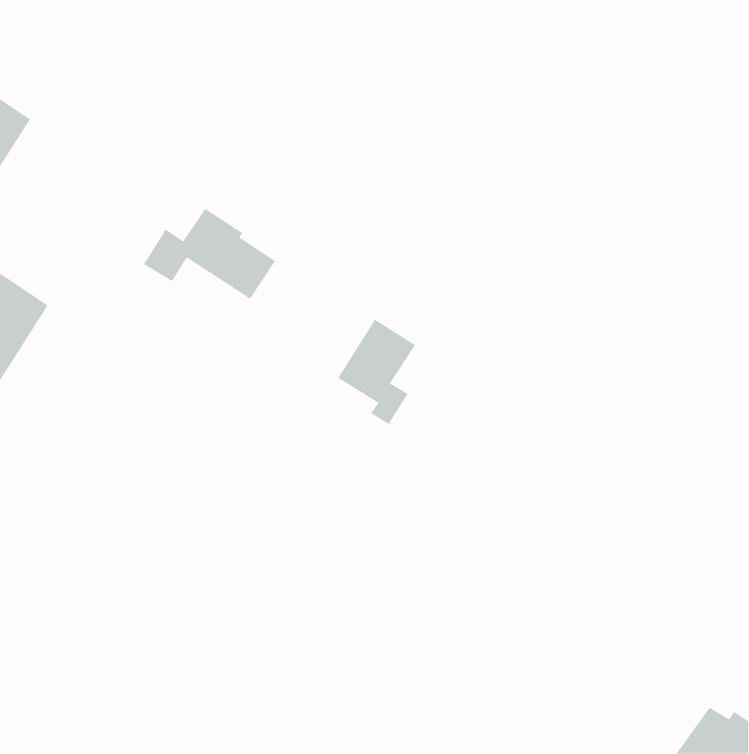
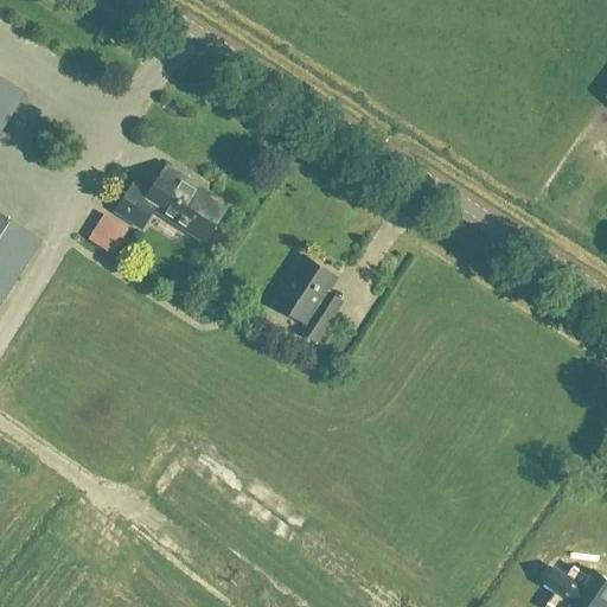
building: none -> [87,211,128,253]

